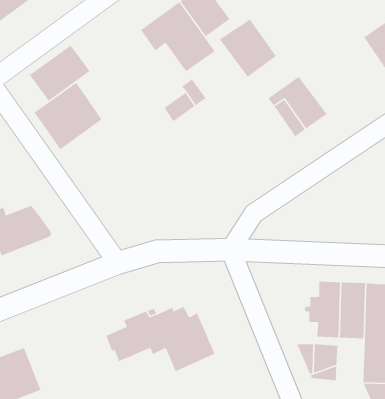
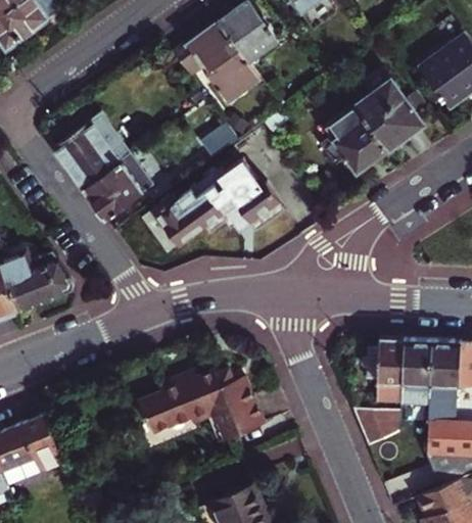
building: [219,19,277,78] -> [357,82,423,149]
building: [29,44,91,102] -> [85,155,155,221]
building: none -> [155,160,285,245]

